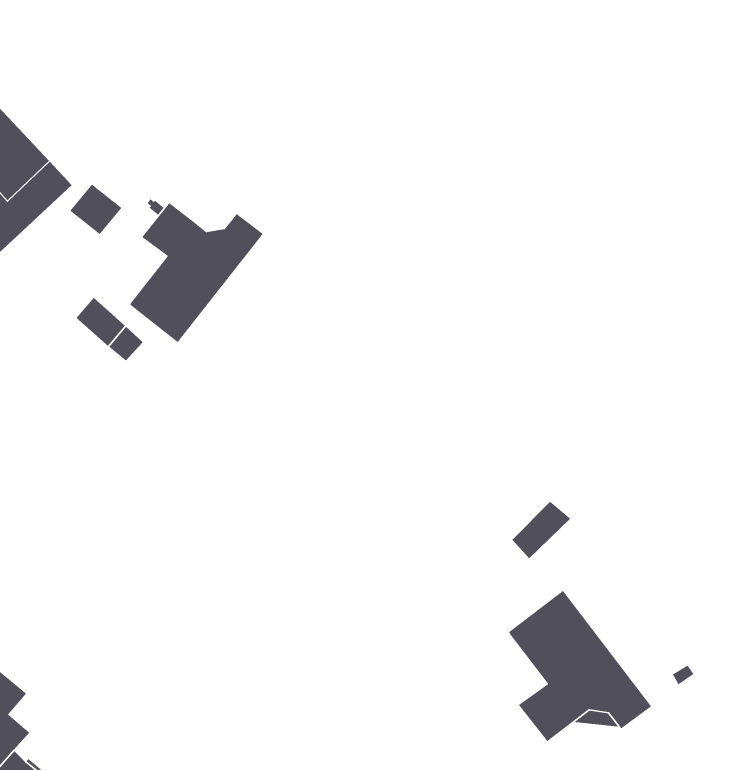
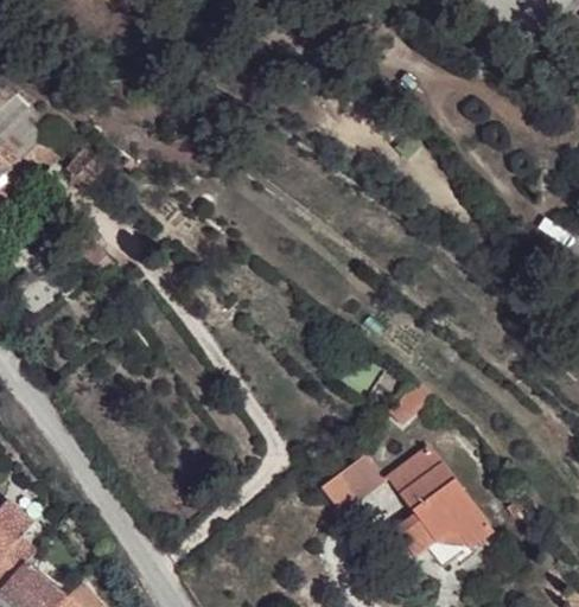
building: [129,202,264,343] -> none
building: none -> [318,455,386,515]

